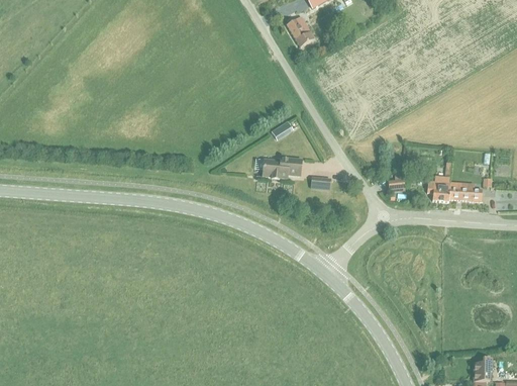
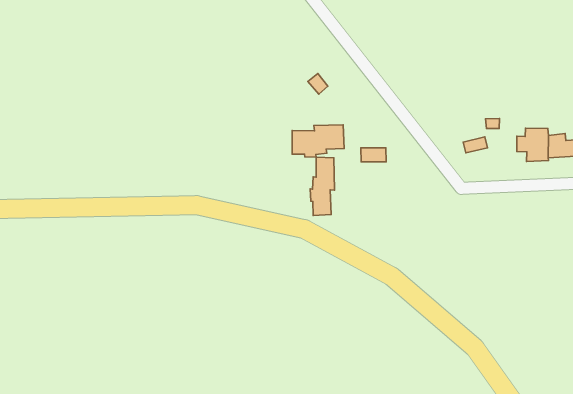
building: none -> [310,157,335,215]

